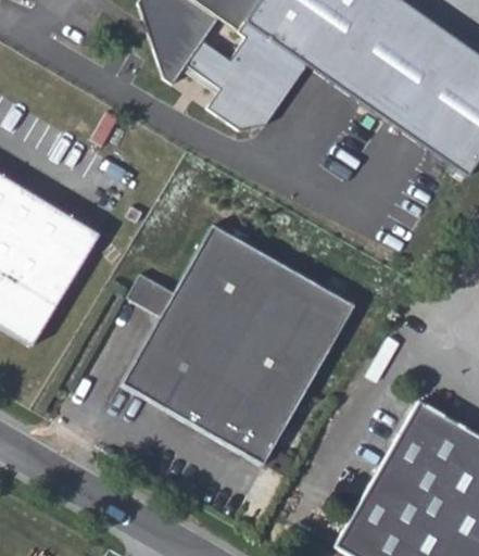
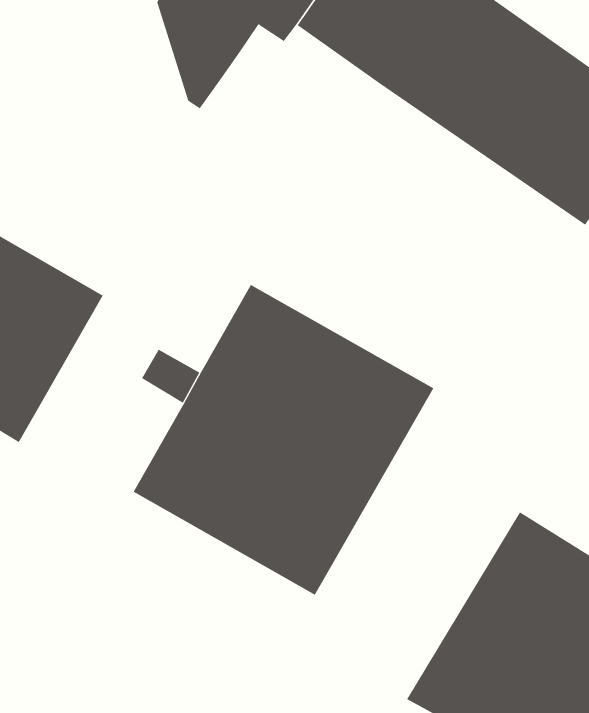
building: [190,21,313,130] -> none

